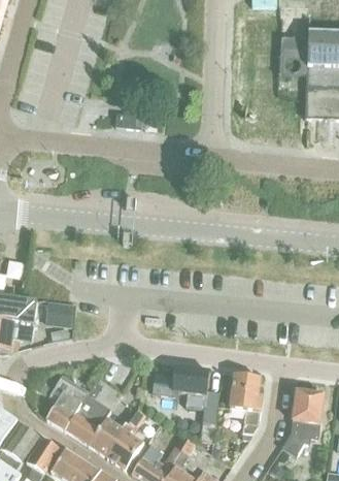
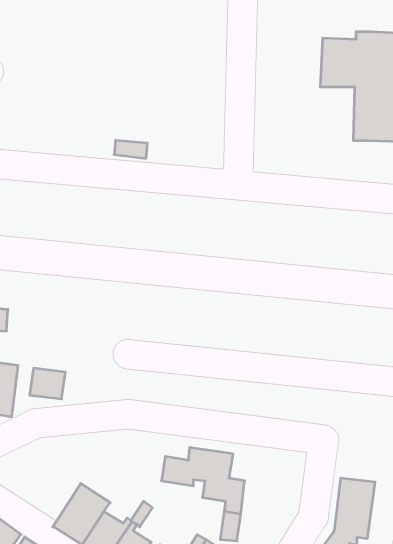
building: [229,374,262,434] -> none
building: [45,375,88,430] -> none

